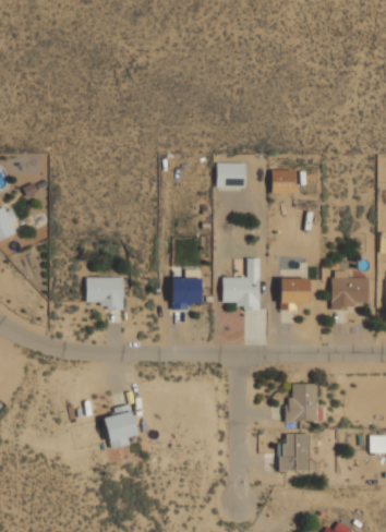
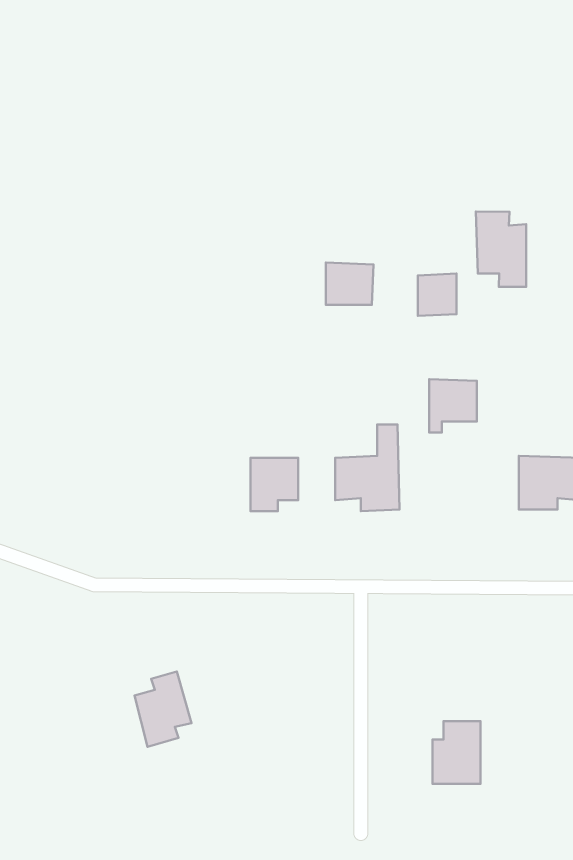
building: none -> [476,212,526,287]
building: [86,278,123,310] -> none
building: [280,278,309,310] -> [429,379,477,432]
building: [286,384,317,421] -> none

